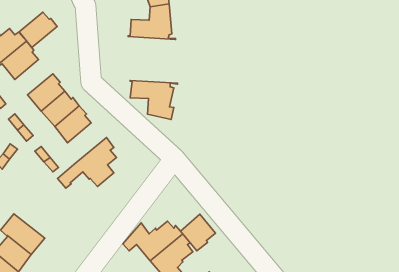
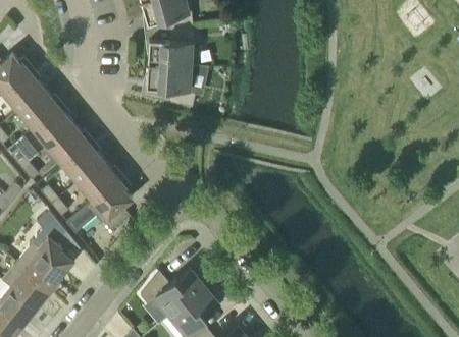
building: [19,12,57,47] -> [17,89,60,128]
building: [130,80,178,119] -> [145,63,198,107]
building: none -> [76,160,120,205]
building: none -> [16,211,72,289]
building: [181,214,216,251] -> none

